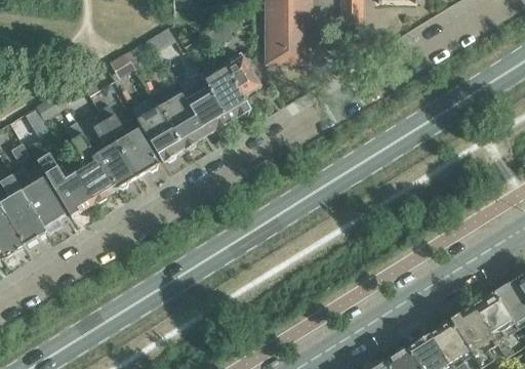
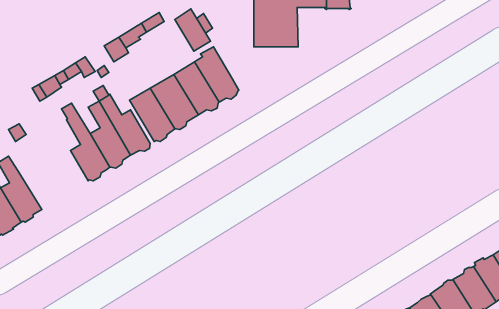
building: [223,51,259,95] -> [175,9,210,51]
building: [28,131,92,215] -> none
building: [19,165,64,232] -> none

